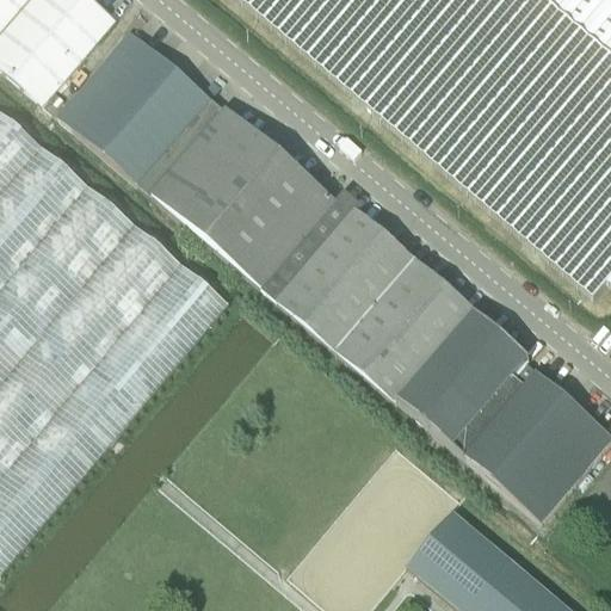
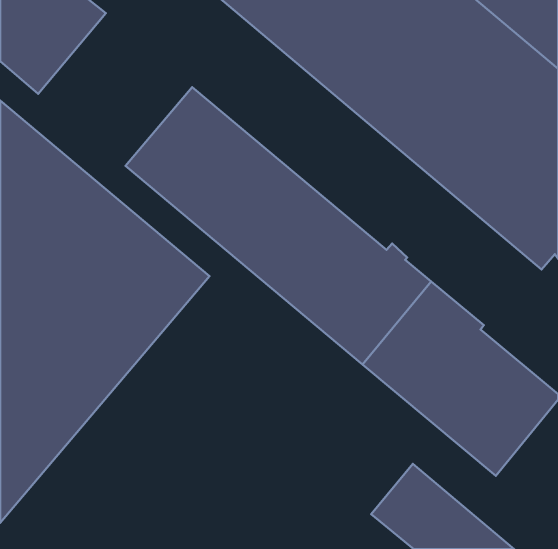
building: [57,27,210,181] -> none

